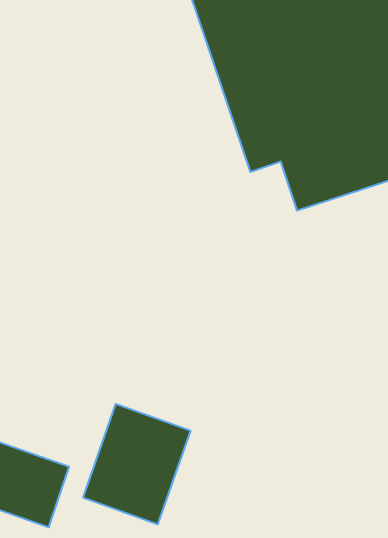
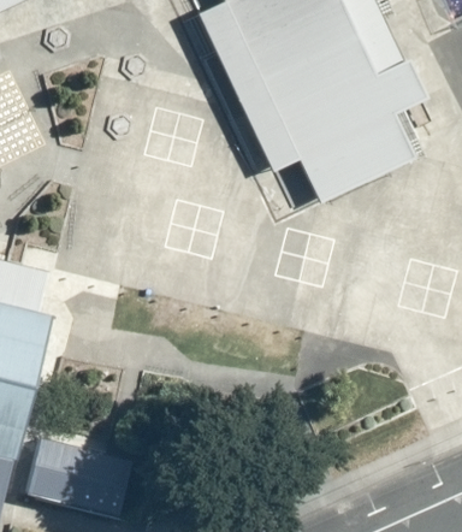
building: [83,404,190,524] -> none

